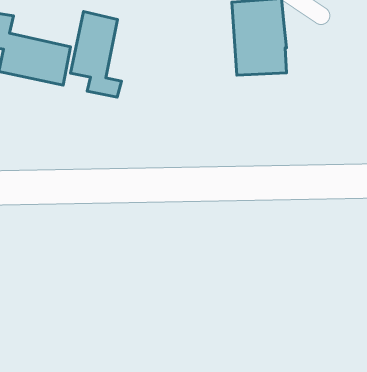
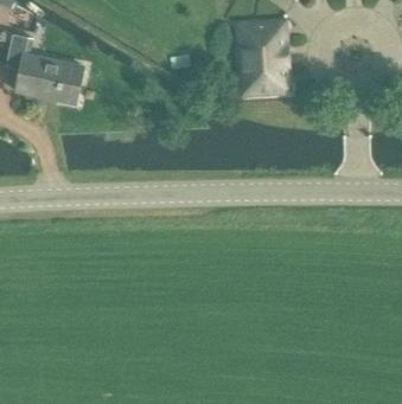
building: [71,12,121,97] -> none

